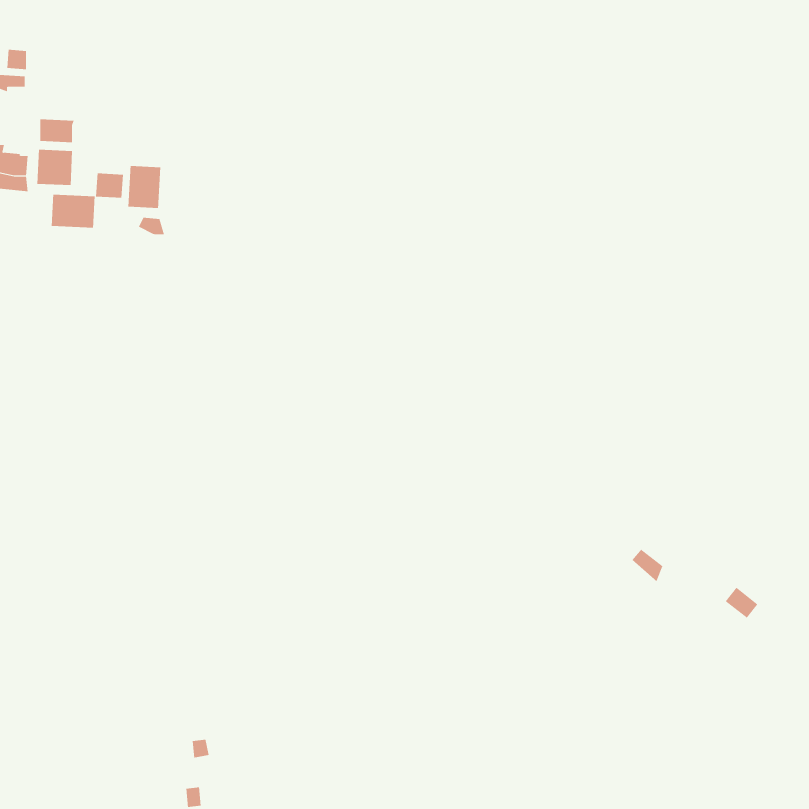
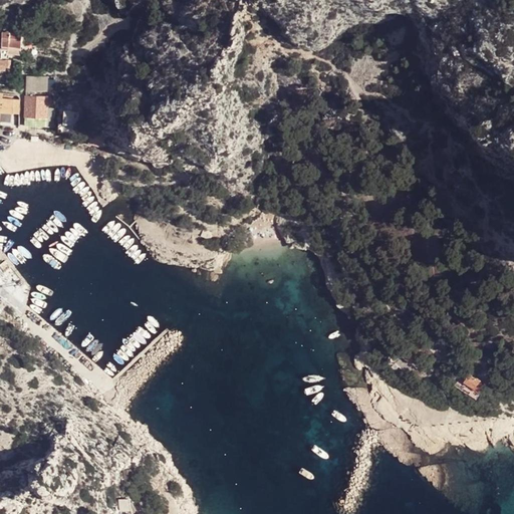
building: [128,165,161,209] -> none
building: [51,194,95,228] -> none

